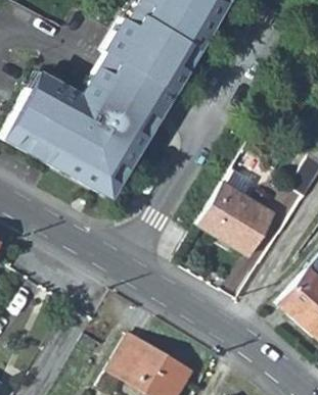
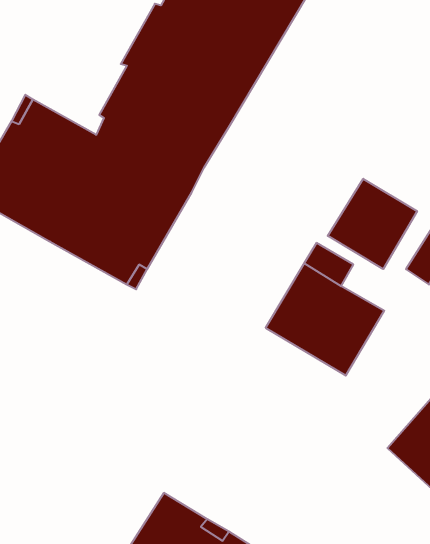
building: none -> [328,179,417,269]

